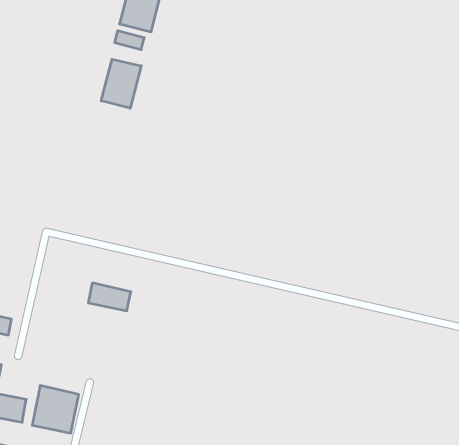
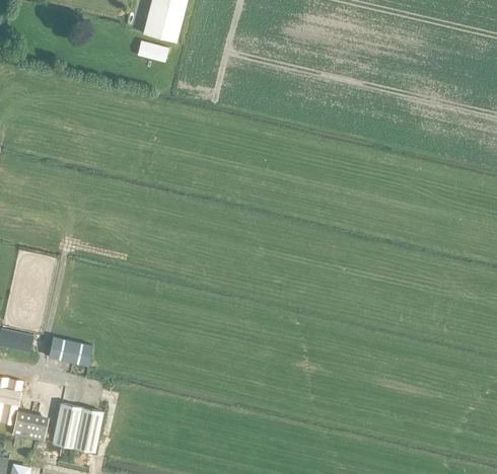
building: [101,59,141,108] -> none
building: [88,283,131,311] -> [48,337,91,366]

